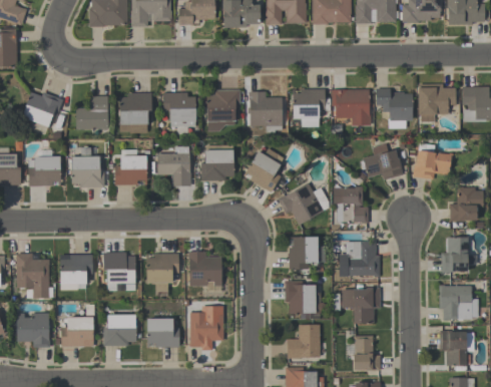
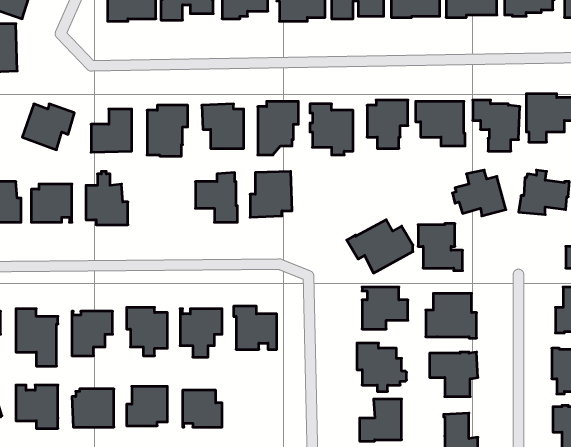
building: [242,148,284,192] -> none
building: [114,155,146,185] -> none
building: [188,307,223,351] -> none

